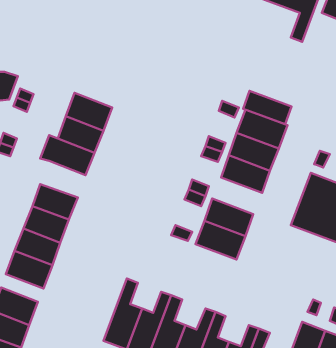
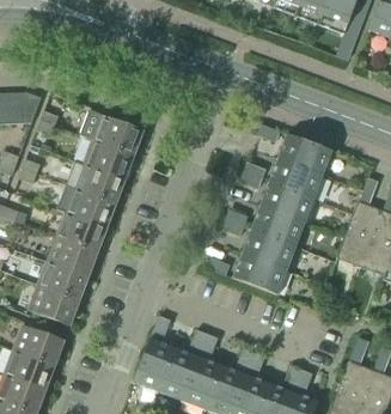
building: [243,91,291,124] -> none
building: none -> [66,188,115,227]
building: none -> [251,206,305,245]

